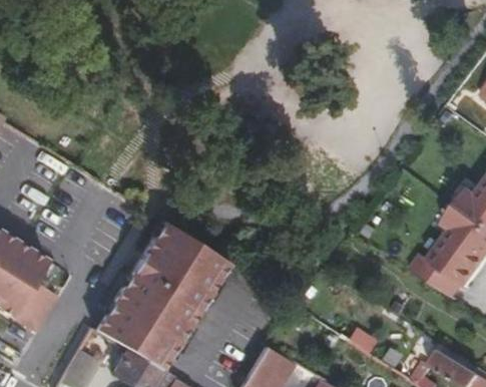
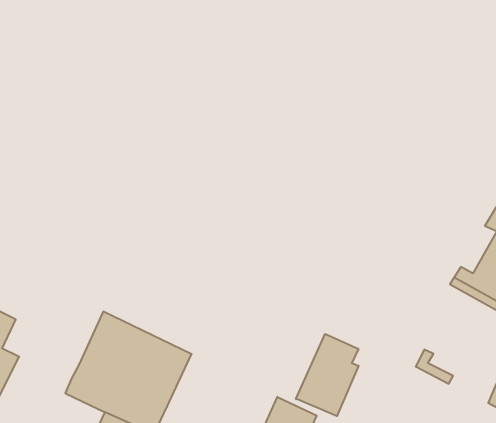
building: [131,219,225,307] -> none
building: none -> [296,334,359,416]

